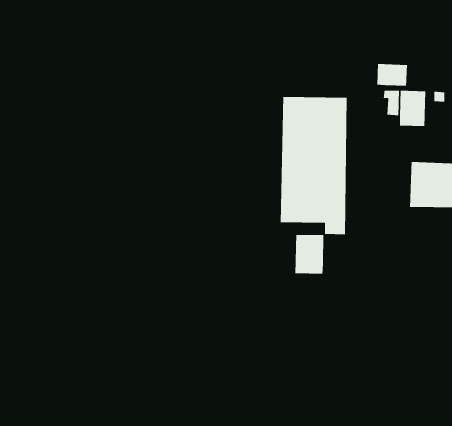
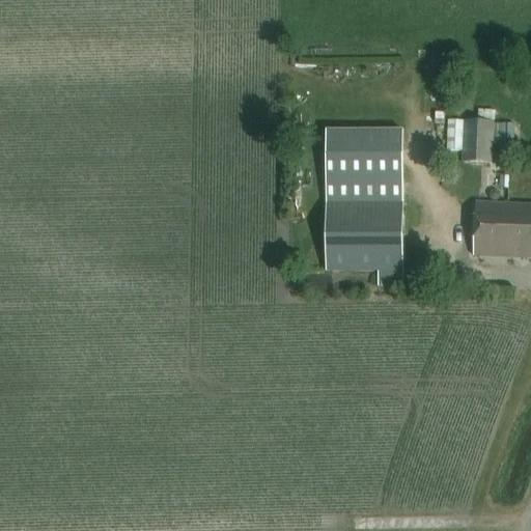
building: [376,63,408,87] -> none
building: [295,234,324,274] -> none

